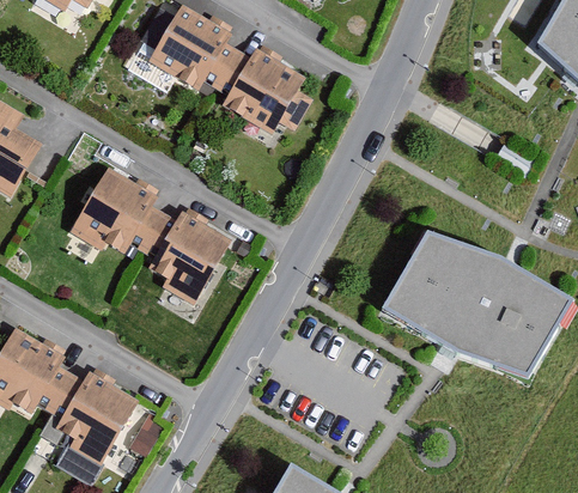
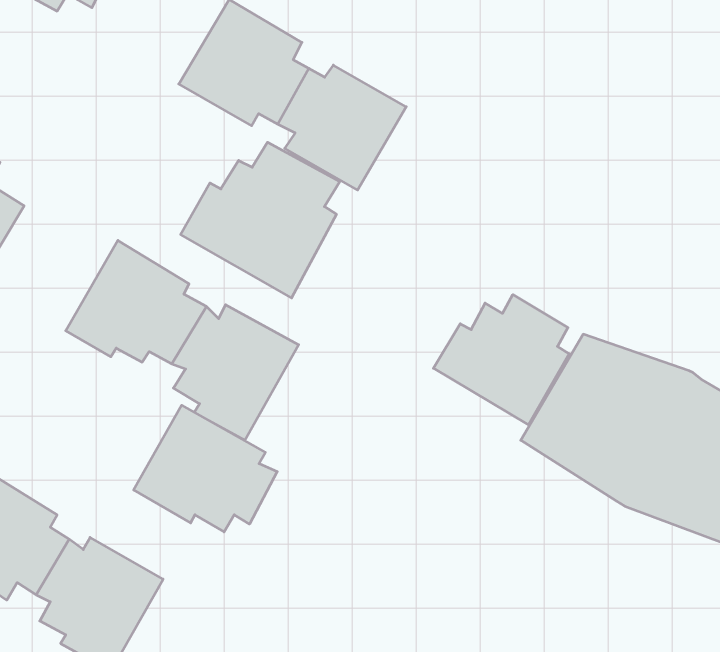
building: none -> [181,142,340,298]
building: none -> [433,295,569,425]
building: none -> [134,405,277,532]

